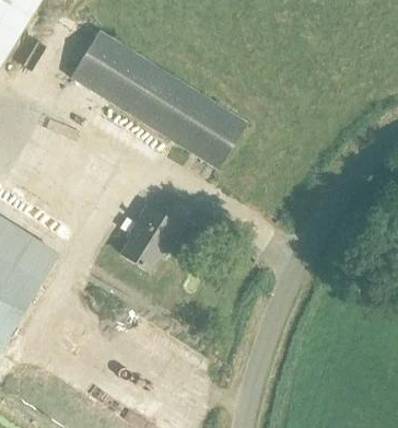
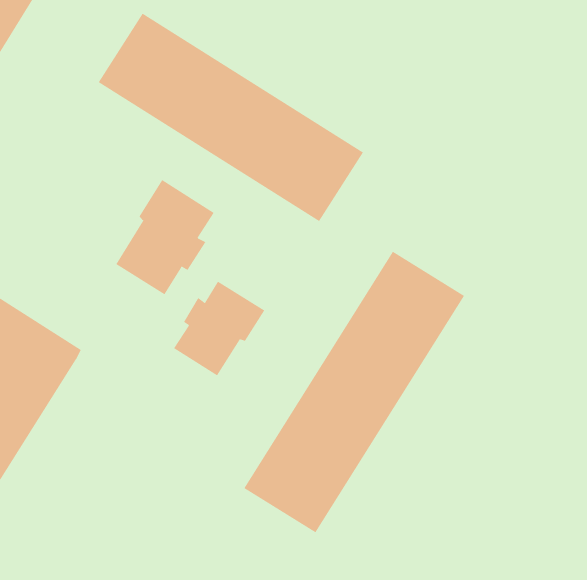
building: none -> [115,179,214,295]
building: none -> [243,251,465,533]

